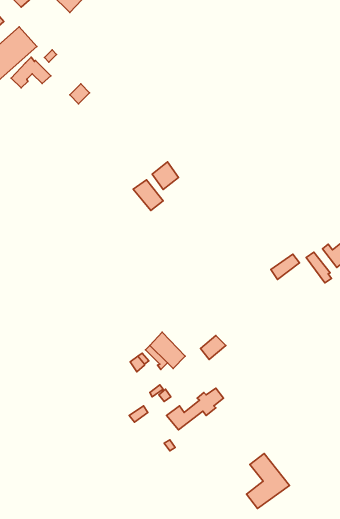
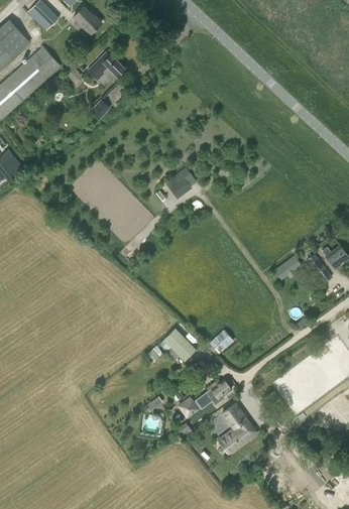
building: [11,57,51,88] -> [88,51,124,80]
building: [133,180,163,210] -> none
building: [247,454,289,508] -> [218,403,257,454]

